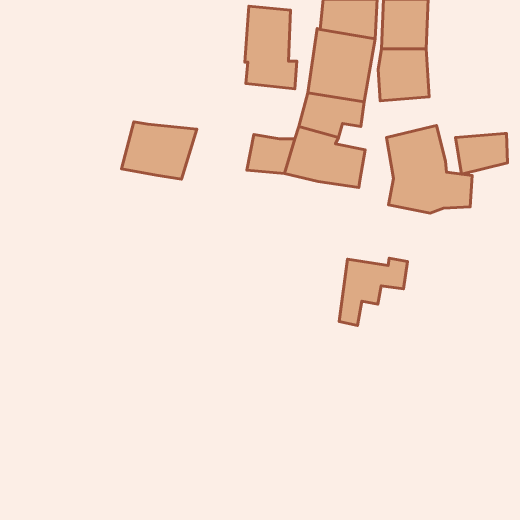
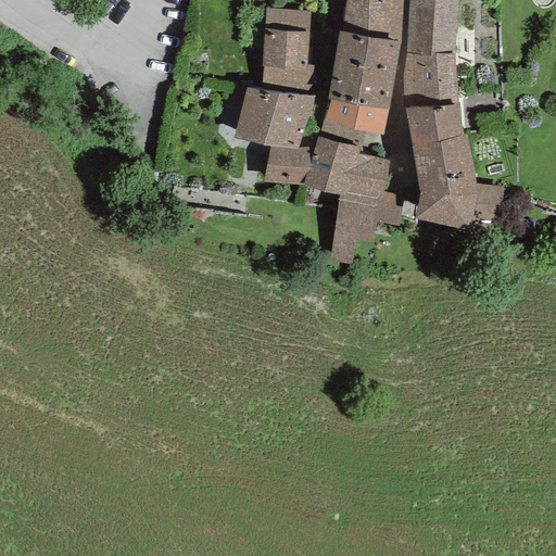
building: [121,122,197,179] -> [235,87,315,148]
building: [456,133,508,174] -> [406,103,462,147]
building: [339,258,408,326] -> [331,192,404,264]

